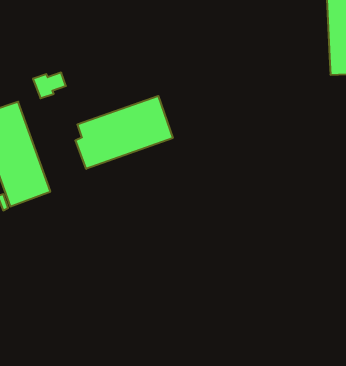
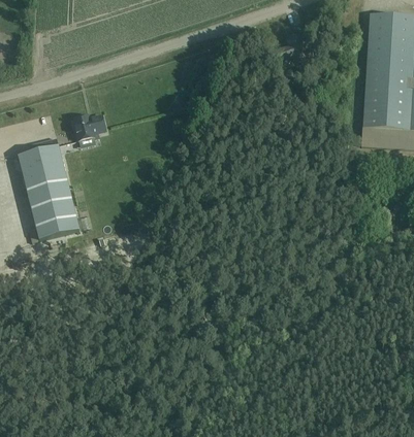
building: [75,96,173,169] -> none

